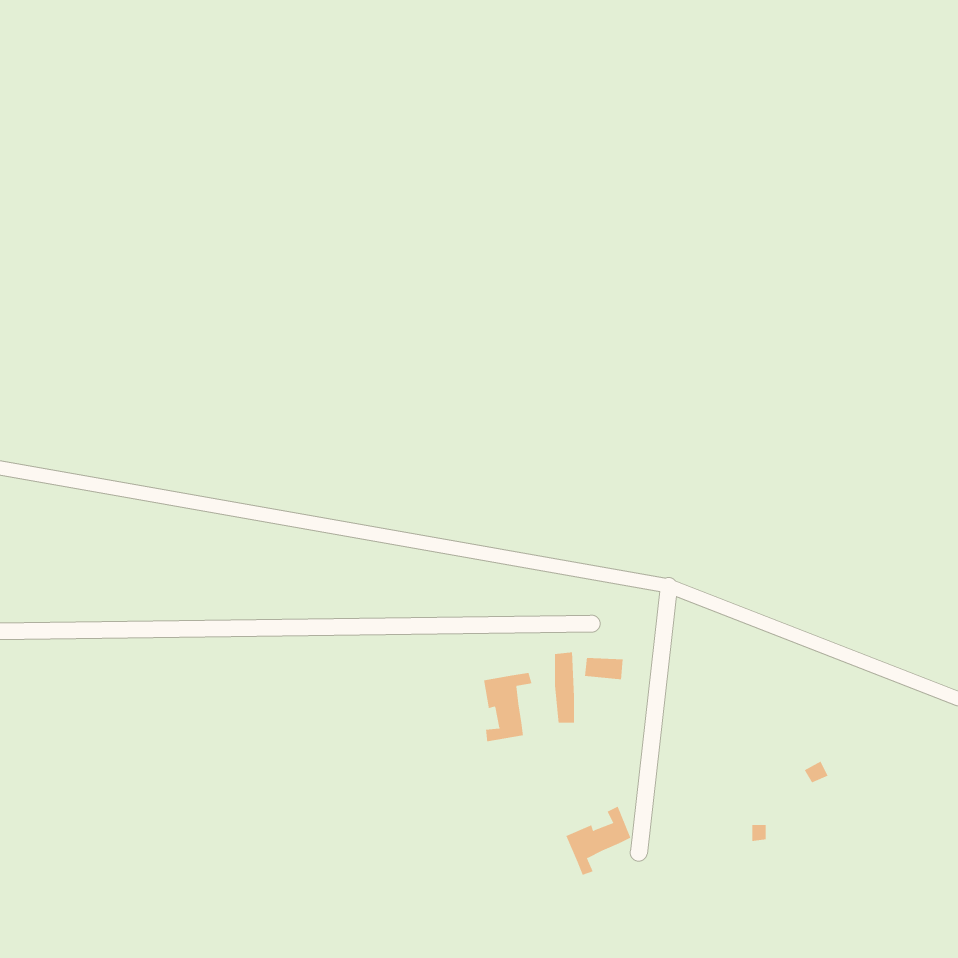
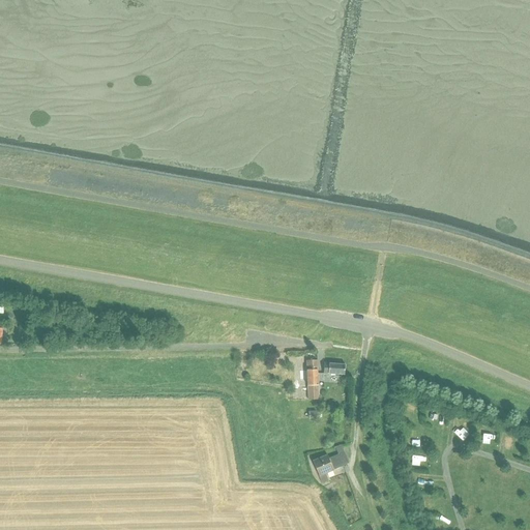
building: [483,672,532,742] -> none

